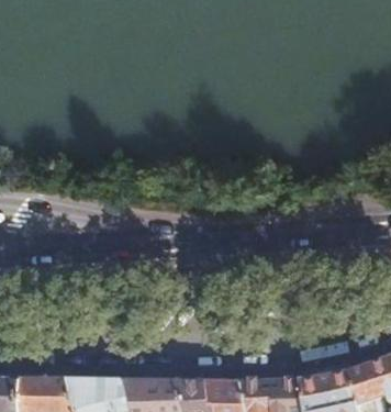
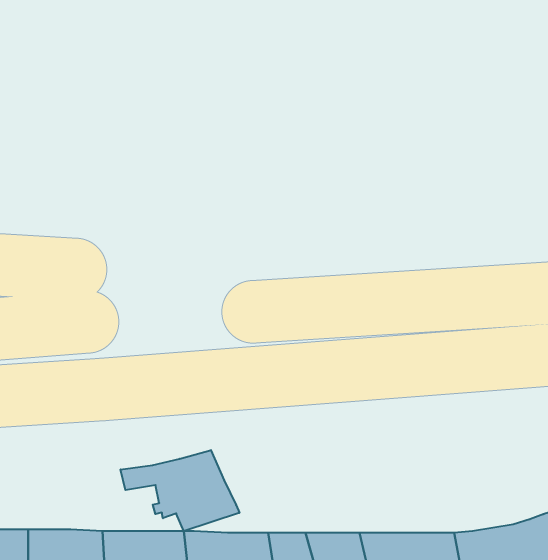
building: none -> [121,450,239,531]

